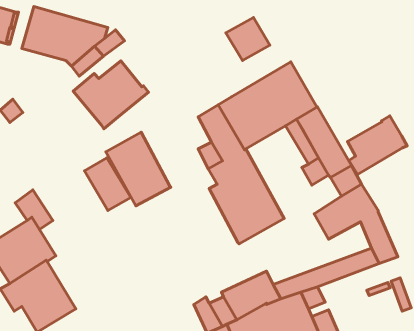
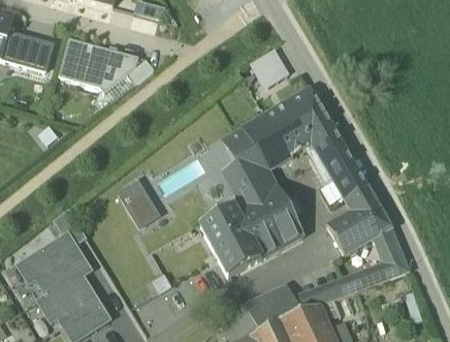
building: [73,61,149,129] -> none
building: [348,116,407,174] -> none
building: [106,132,171,206] -> [200,207,261,276]

